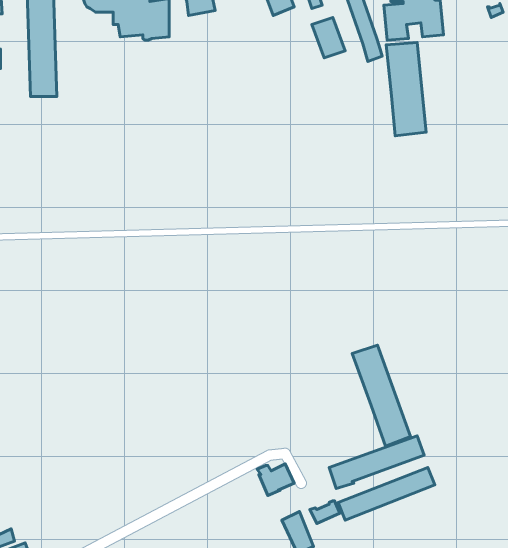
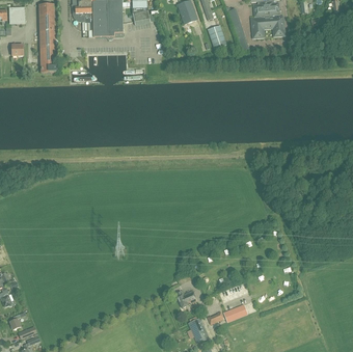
building: [386,42,426,136] -> none
building: [352,345,410,446] -> none

